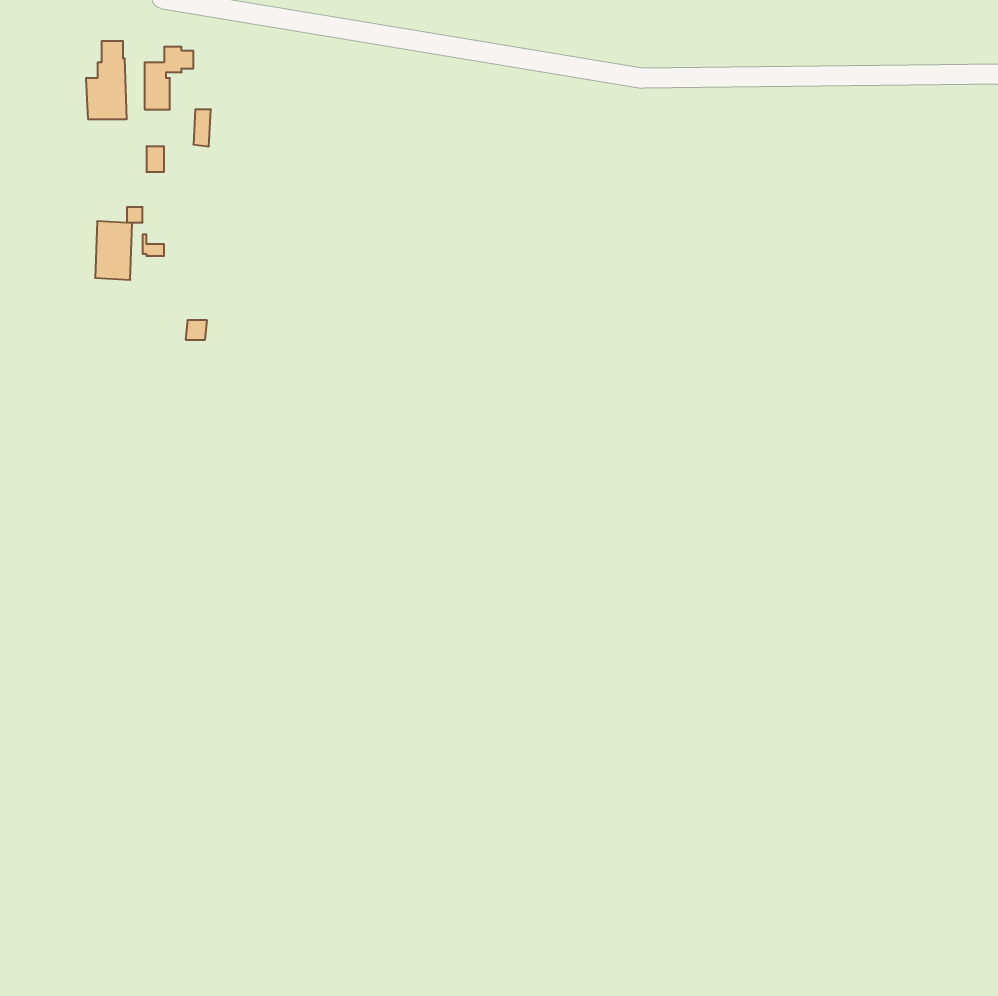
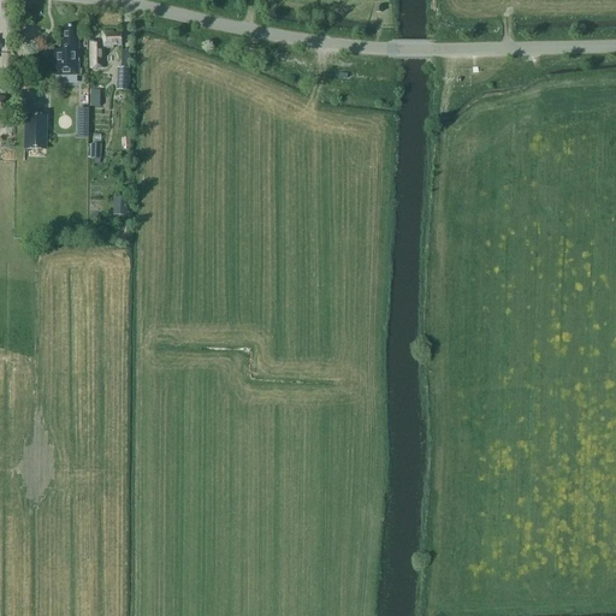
building: [95,221,132,280] -> [24,114,47,150]

